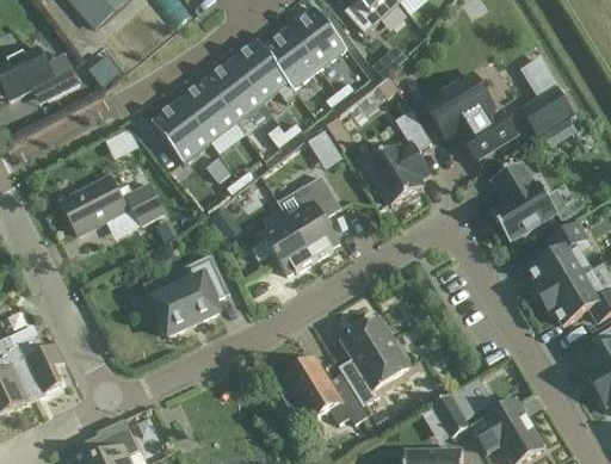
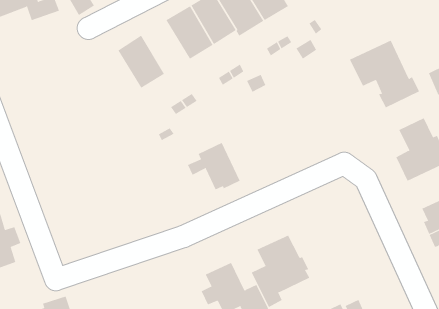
building: [178,81,237,144] -> none
building: [364,110,433,206] -> none
building: [60,166,166,234] -> none
building: [286,175,338,260] -> none
building: [149,255,228,336] -> none

